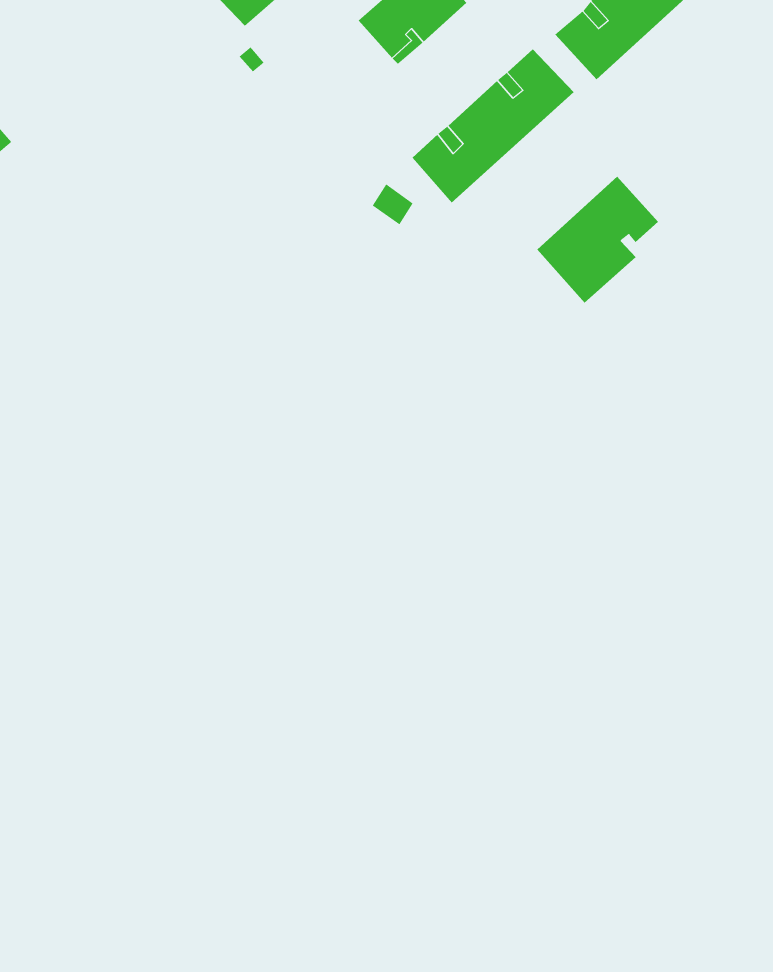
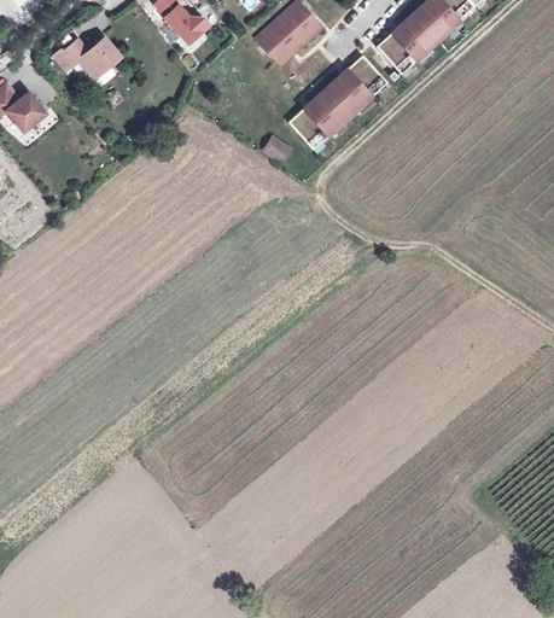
building: none -> [54,37,121,78]
building: [536,176,659,304] -> none

